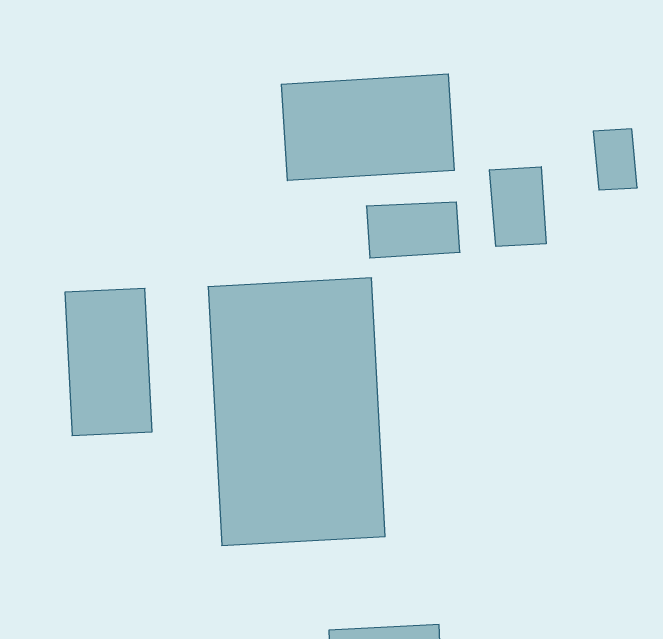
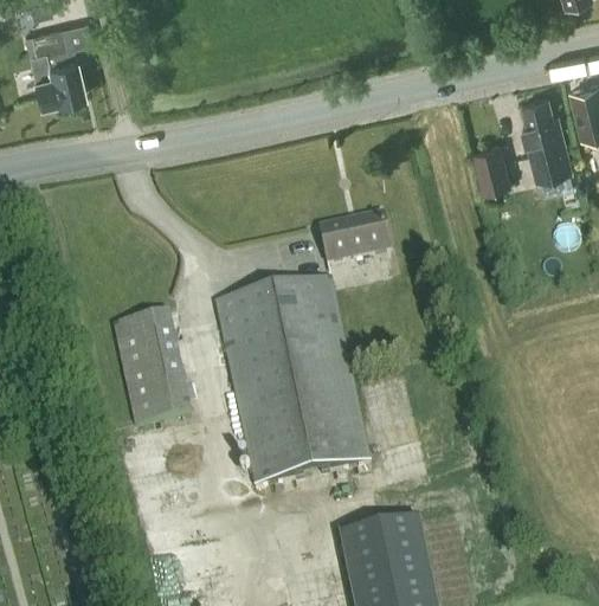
building: [281,74,454,181] -> none
building: [490,167,546,246] -> none

